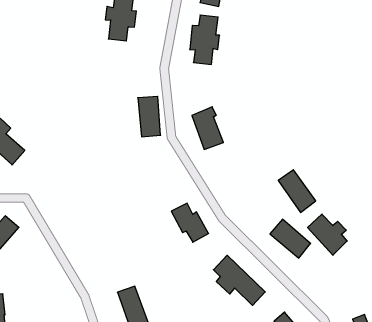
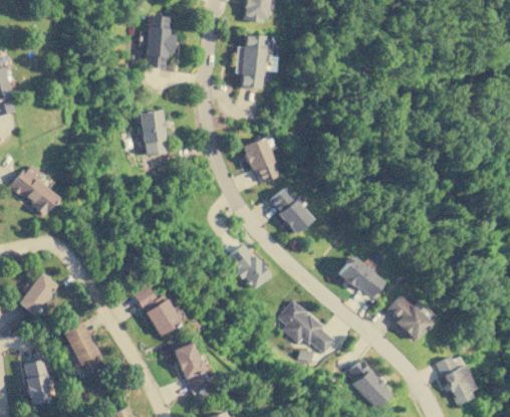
building: [138,96,161,137] -> [140,110,168,156]
building: [278,170,316,212] -> [269,187,312,234]
building: [308,214,347,255] -> [387,294,432,340]
building: none -> [134,285,183,337]
building: none -> [63,322,105,375]

